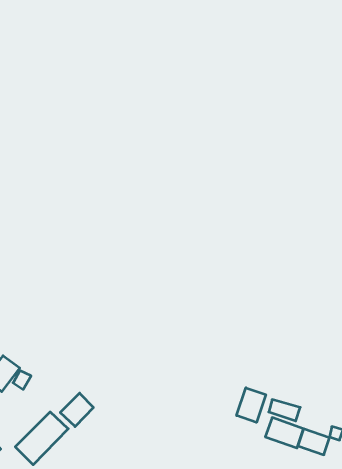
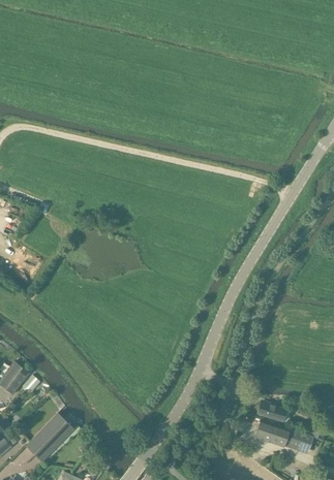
building: [237,388,266,422] -> none
building: [60,393,93,427] -> none

